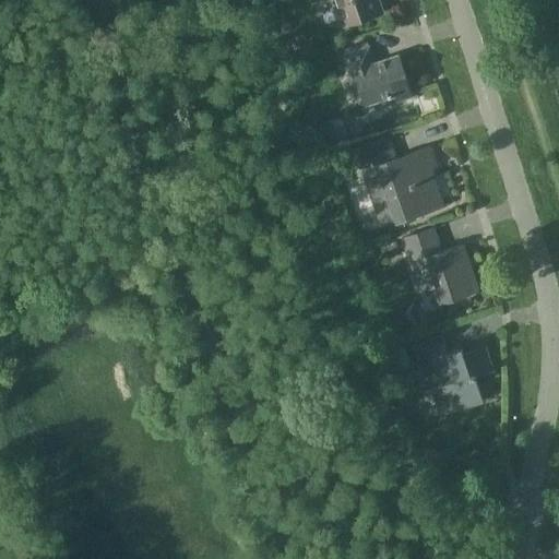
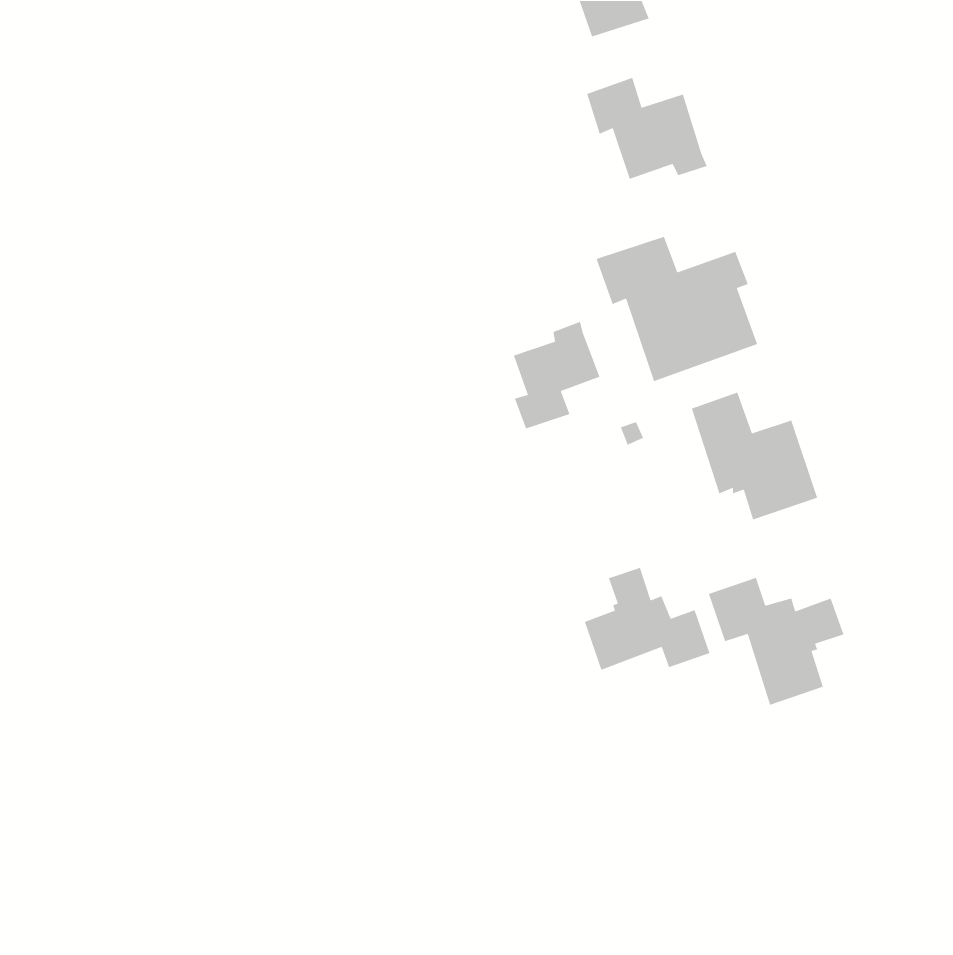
building: none -> [513,321,601,430]
building: none -> [584,567,711,671]

